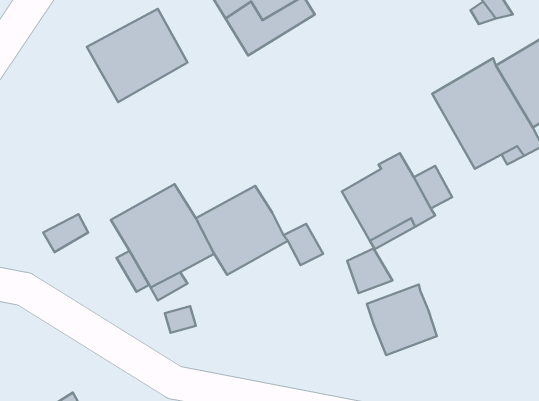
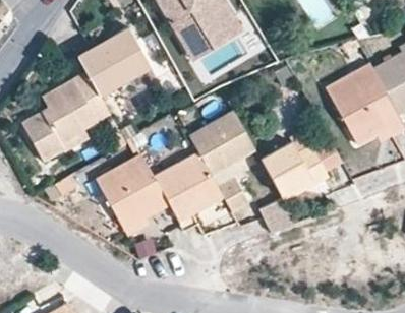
building: none -> [21,71,110,160]
building: none -> [189,111,256,174]
building: [367,285,437,355] -> none

